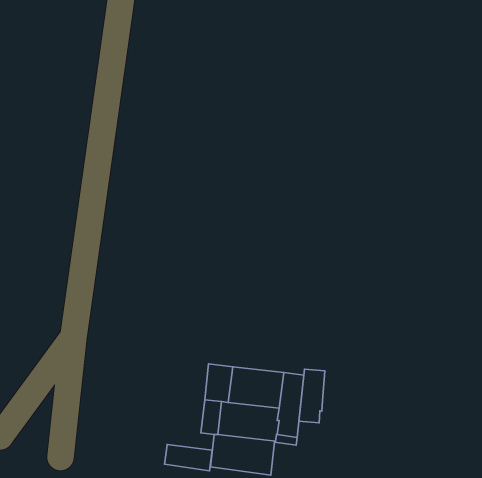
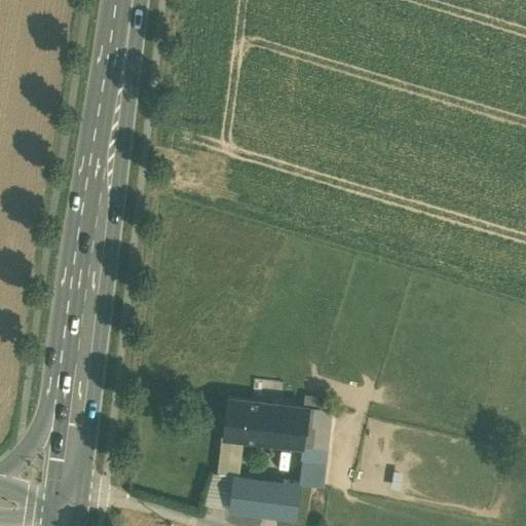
building: [299,369,325,423] -> none
building: [164,445,212,471] -> none

